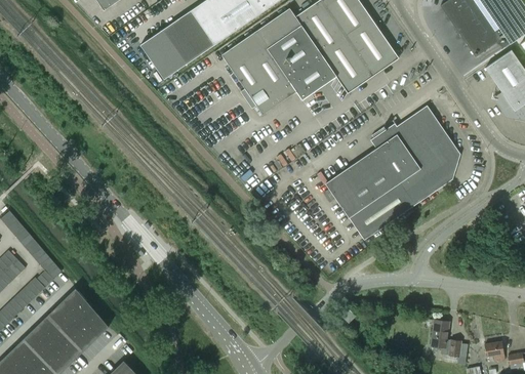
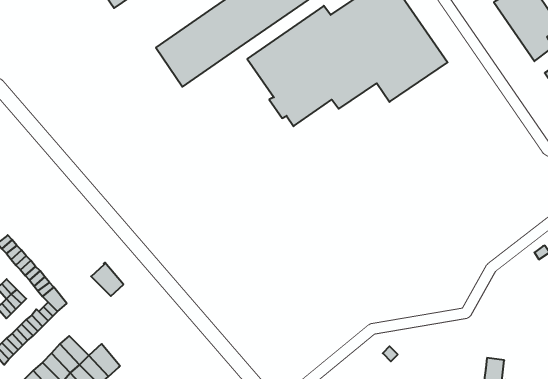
building: [325,106,460,240] -> none
building: [64,288,92,318] -> [91,263,123,296]

